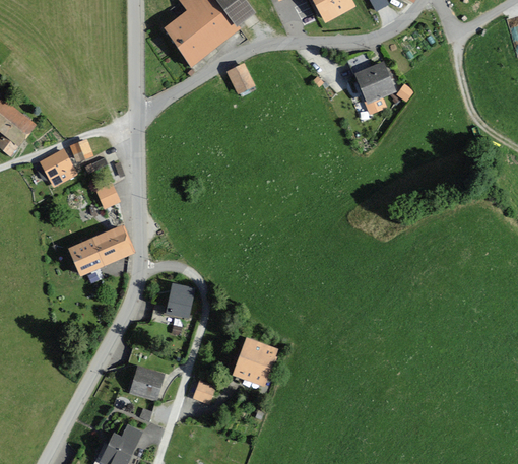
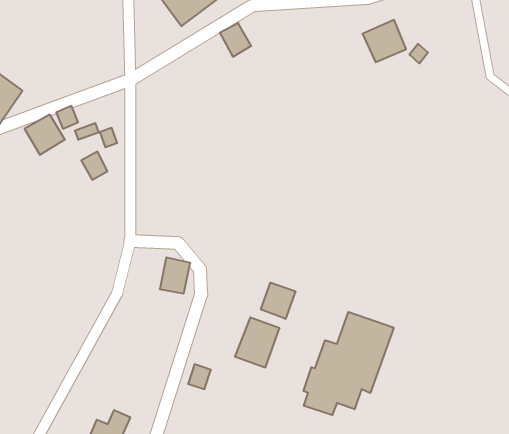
building: [70,221,136,273] -> none
building: none -> [261,283,295,319]
building: none -> [303,312,394,415]
building: [134,370,166,398] -> none

